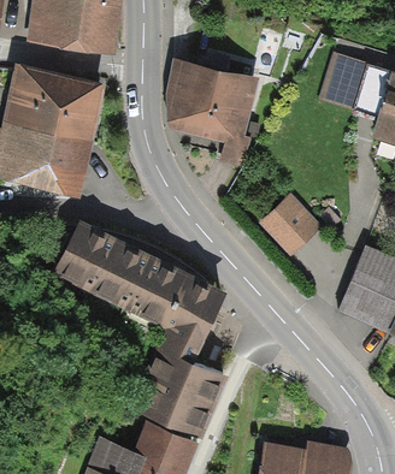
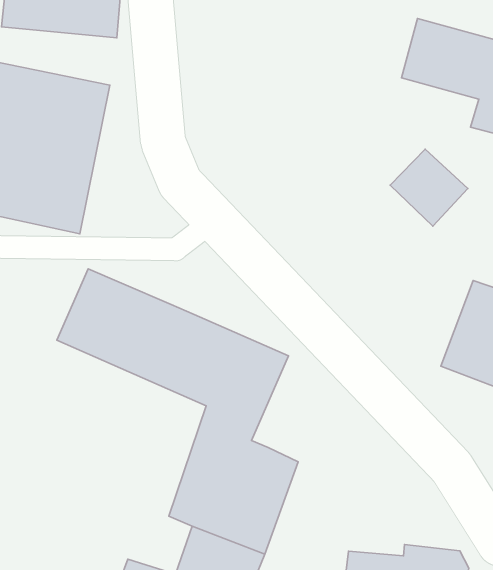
building: [165,59,257,164] -> none
building: [260,195,318,253] -> [390,149,468,226]

